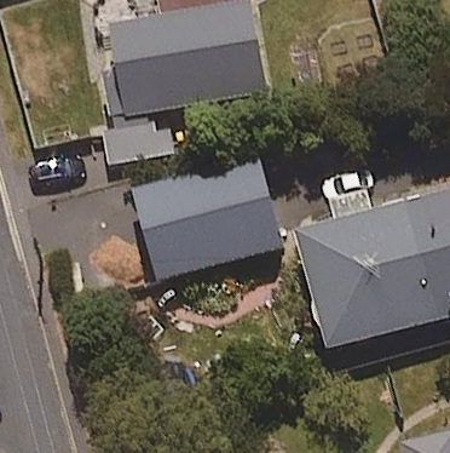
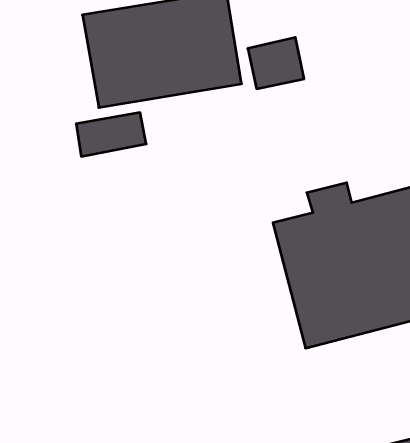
building: [134,155,282,279] -> none

